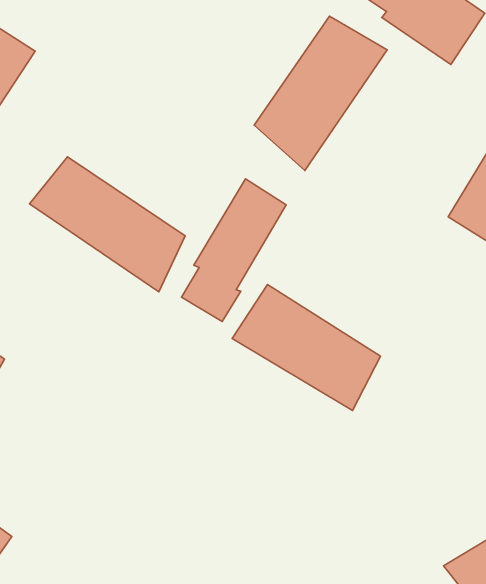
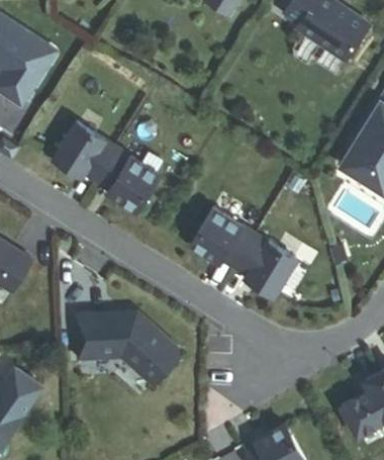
building: [254,16,387,171] -> none
building: [182,179,286,322] -> none
building: none -> [79,311,183,383]

